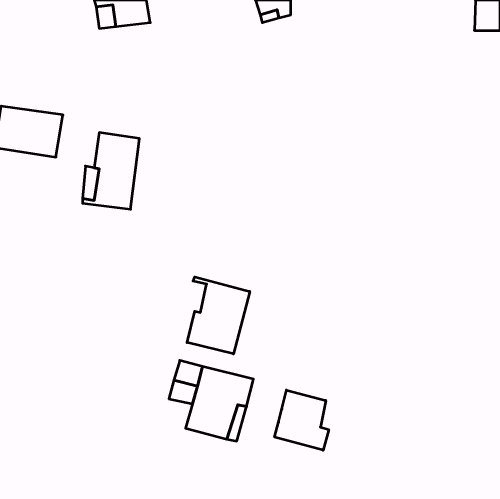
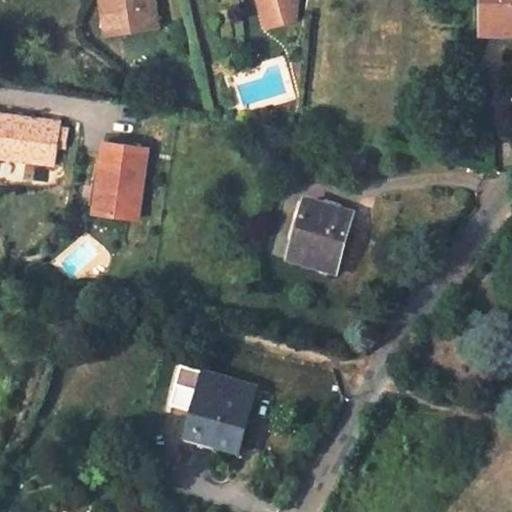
building: none -> [290,204,351,279]
building: [187,277,250,354] -> none
building: [275,390,329,450] -> none

